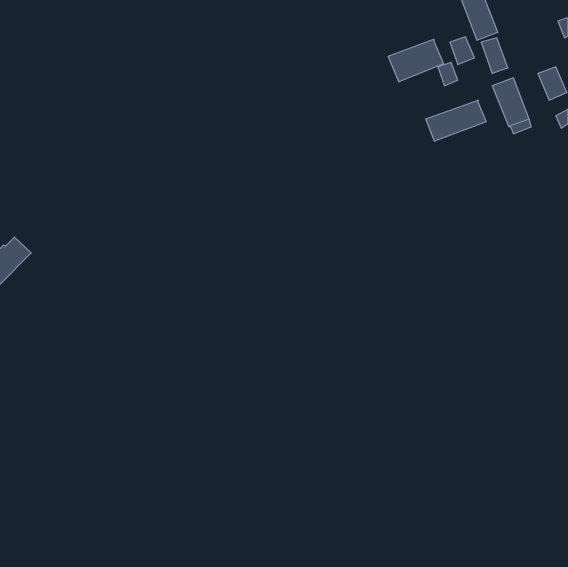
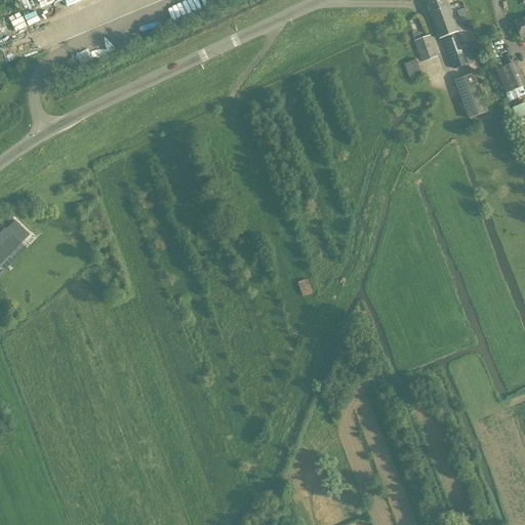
building: [388,39,444,82] -> none
building: [426,100,486,141] -> none

